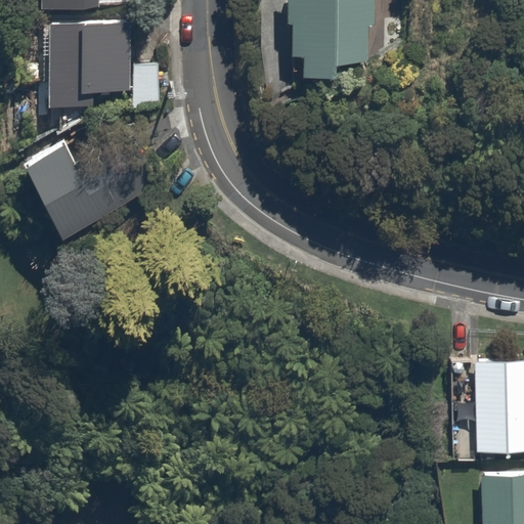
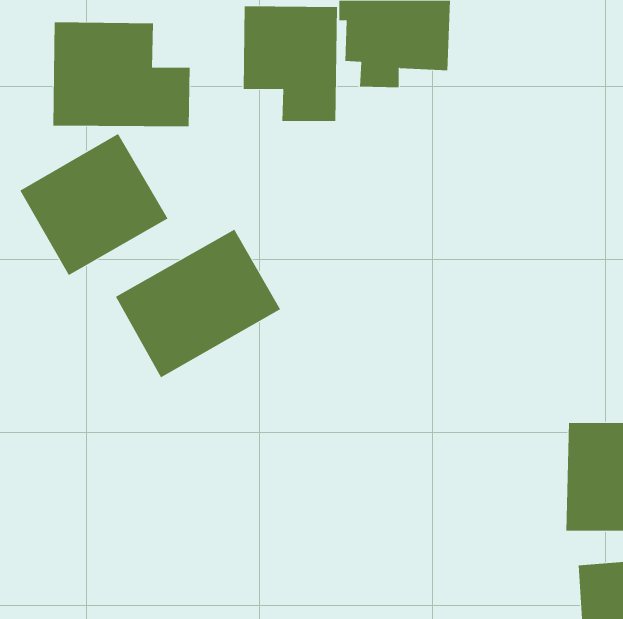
building: none -> [243,5,338,122]
building: none -> [115,229,281,378]

